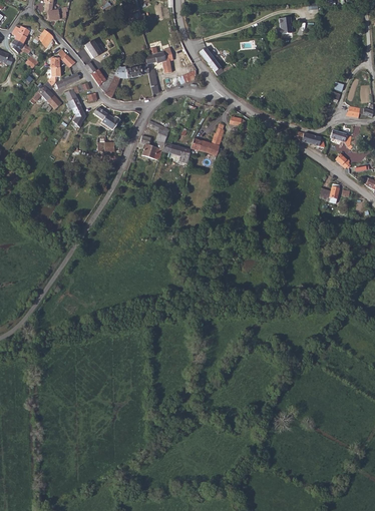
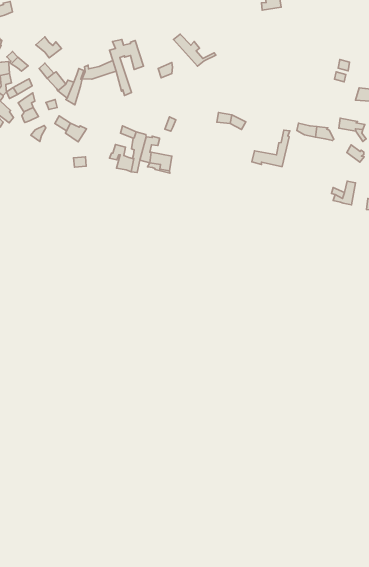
building: [191,123,225,153] -> [252,130,290,167]

